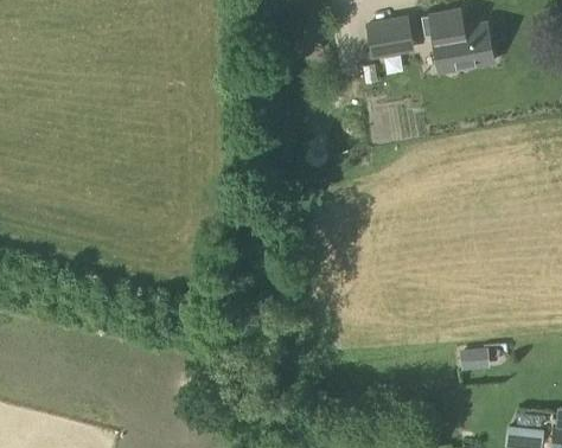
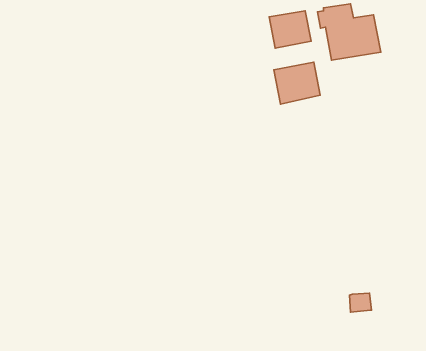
building: none -> [274,62,320,104]

